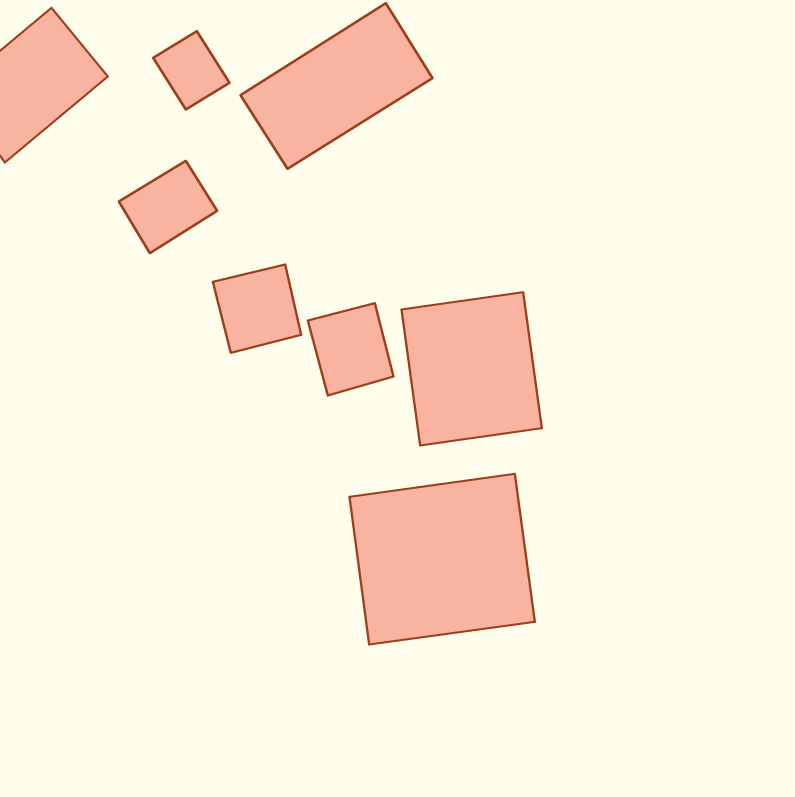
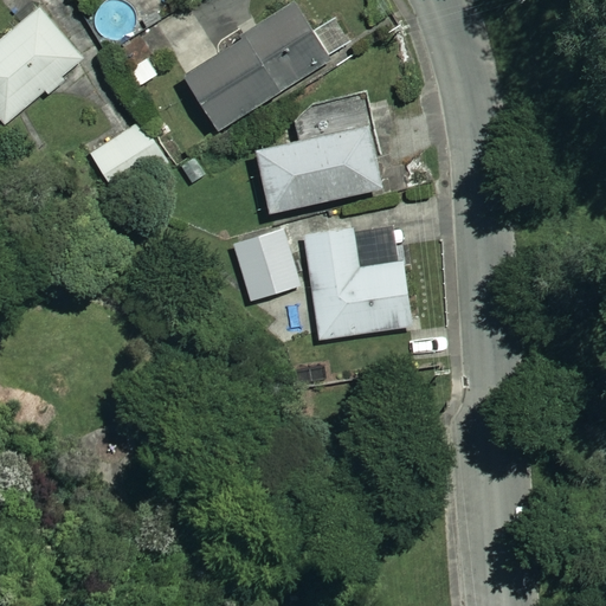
building: none -> [256,102,380,212]
building: [213,265,301,353] -> none
building: [349,474,535,645] -> none

